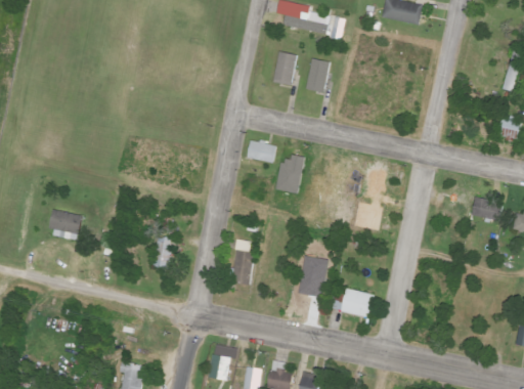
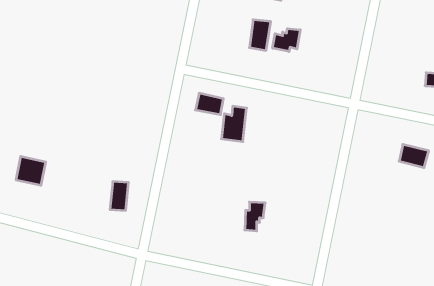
building: [272,51,297,84] -> none
building: none -> [273,29,300,52]
building: [231,239,255,285] -> none
building: [342,289,374,316] -> none

